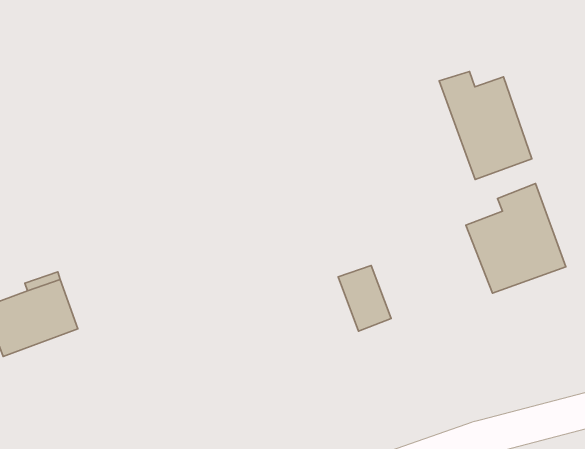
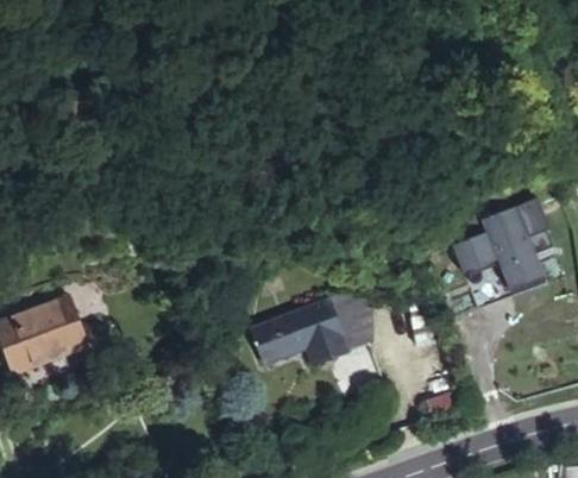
building: [439,71,532,180] -> none
building: none -> [253,300,350,364]

